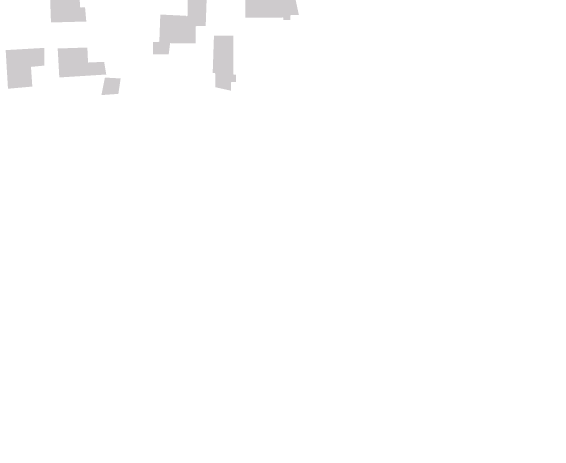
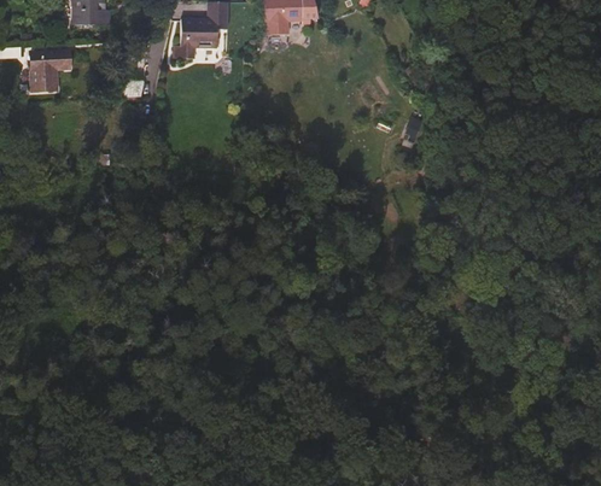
building: [212,35,236,92] -> none
building: [57,47,107,78] -> none

